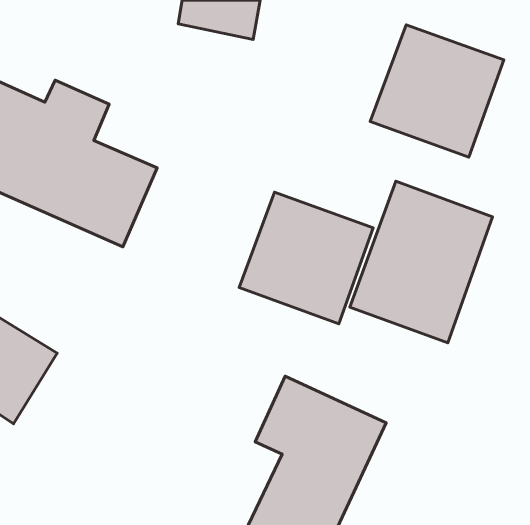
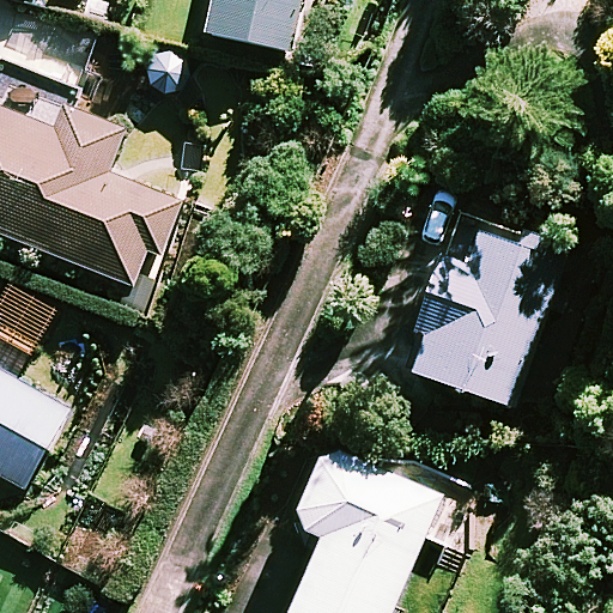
building: [370,25,504,157] -> none
building: [239,192,373,324] -> none

